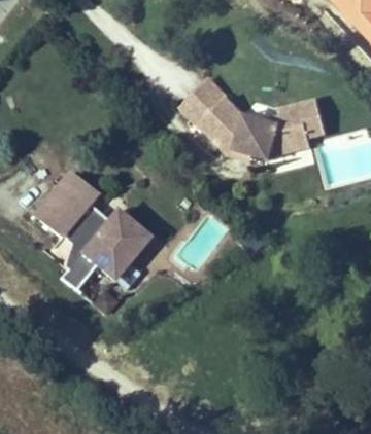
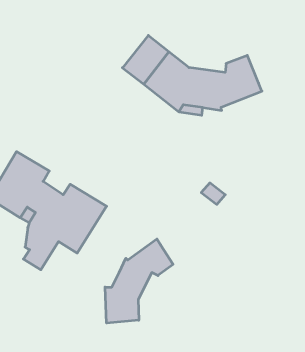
building: [279,98,327,138] -> none
building: none -> [105,239,173,323]

